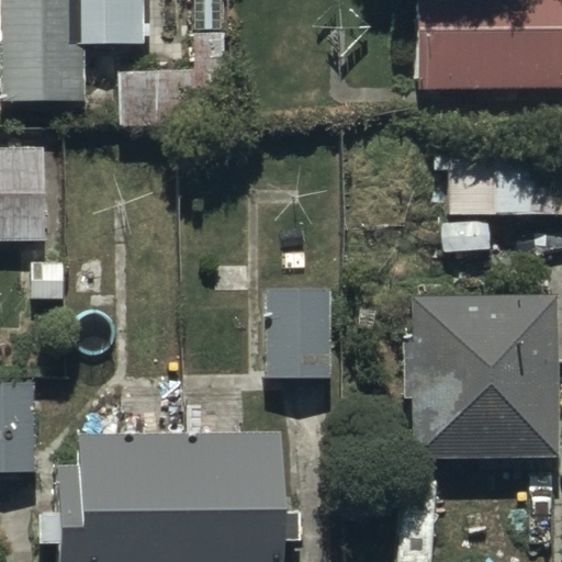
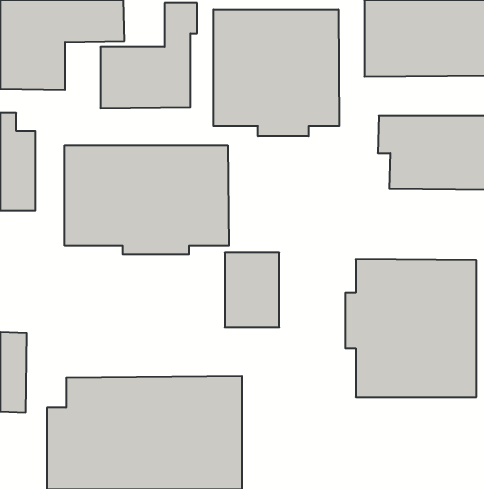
building: none -> [213,9,339,136]
building: none -> [65,145,229,254]

